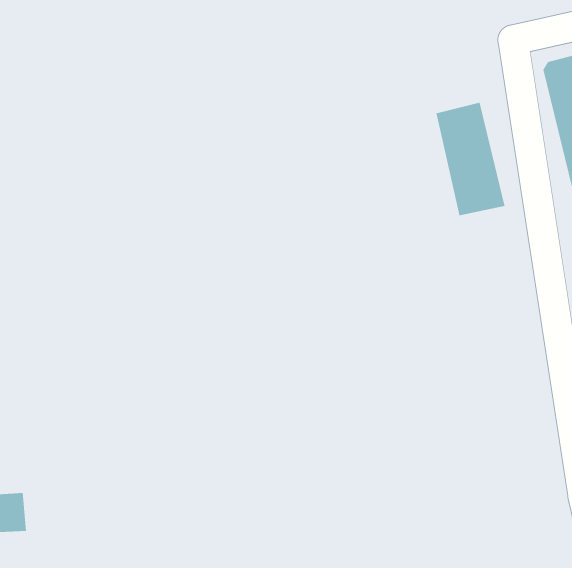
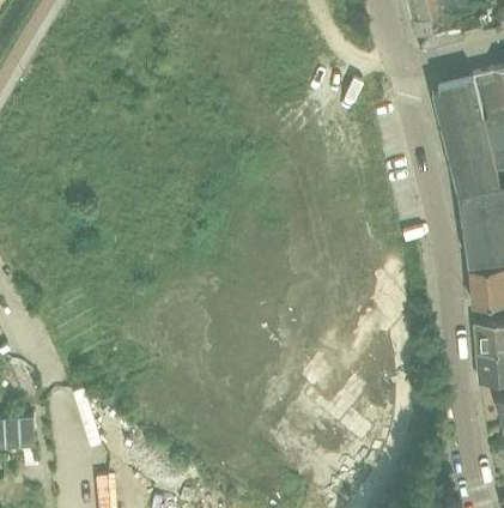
building: [436,102,505,216] -> none

